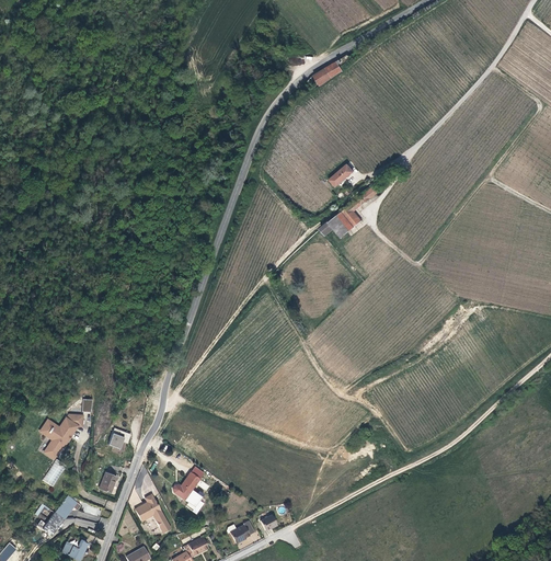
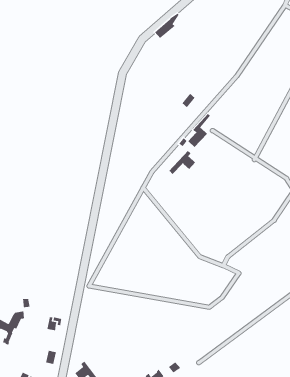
building: none -> [168,150,196,175]
building: [173,472,202,507] -> none

